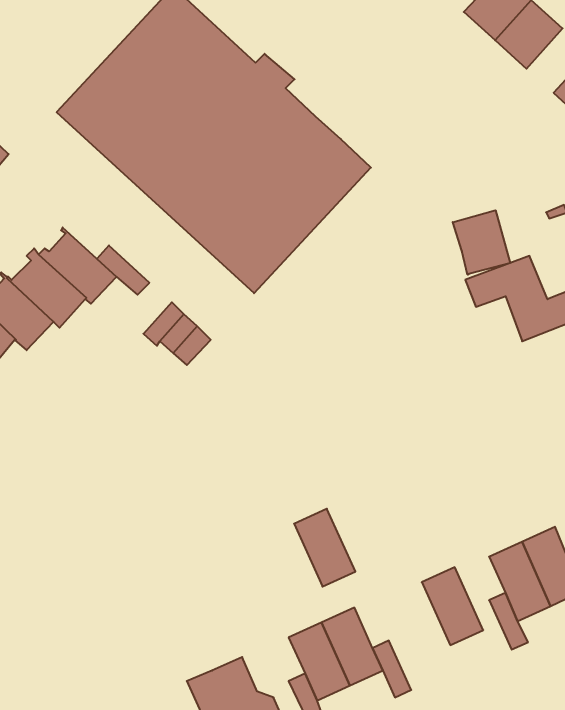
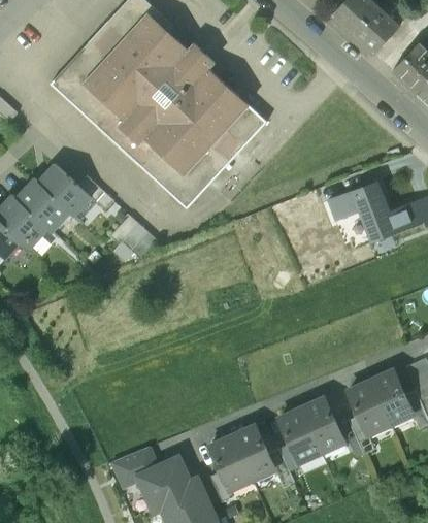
building: [453,210,510,275] -> none
building: [294,509,355,587] -> [278,407,321,461]
building: none -> [112,447,157,485]

